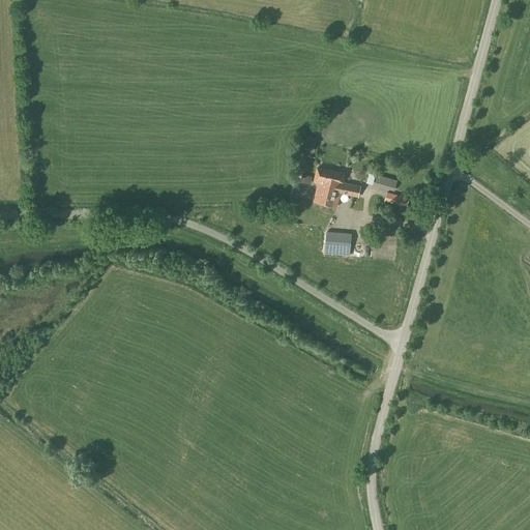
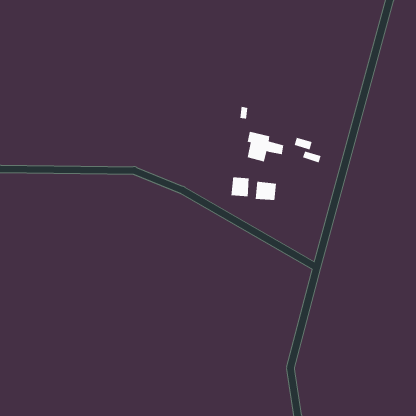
building: none -> [231,176,249,197]

